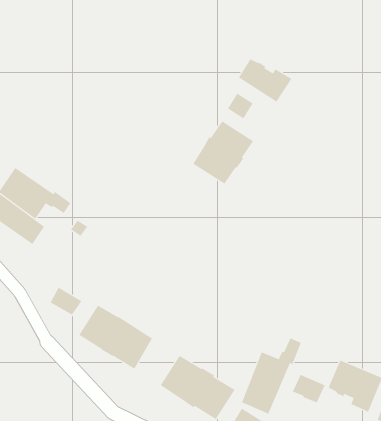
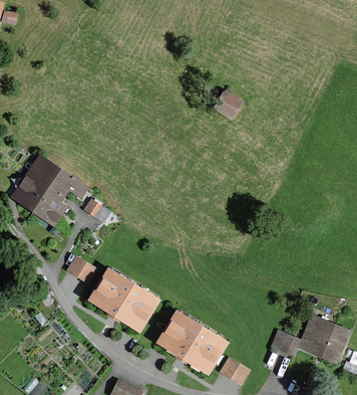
building: [238,58,292,102] -> none
building: [193,120,254,185] -> none
building: [240,337,302,414] -> none

